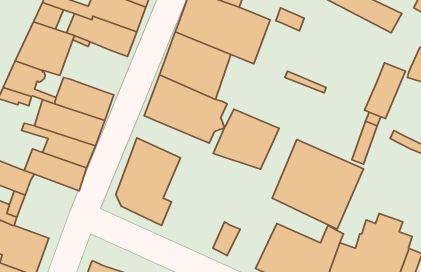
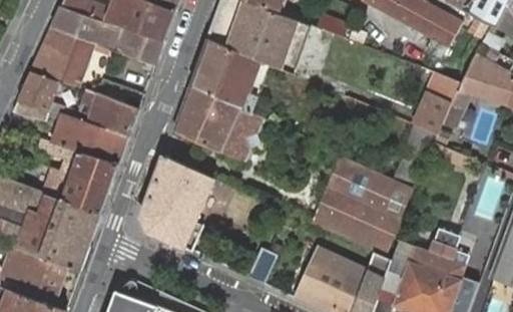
building: [213,109,279,169] -> none
building: none -> [34,195,100,270]

